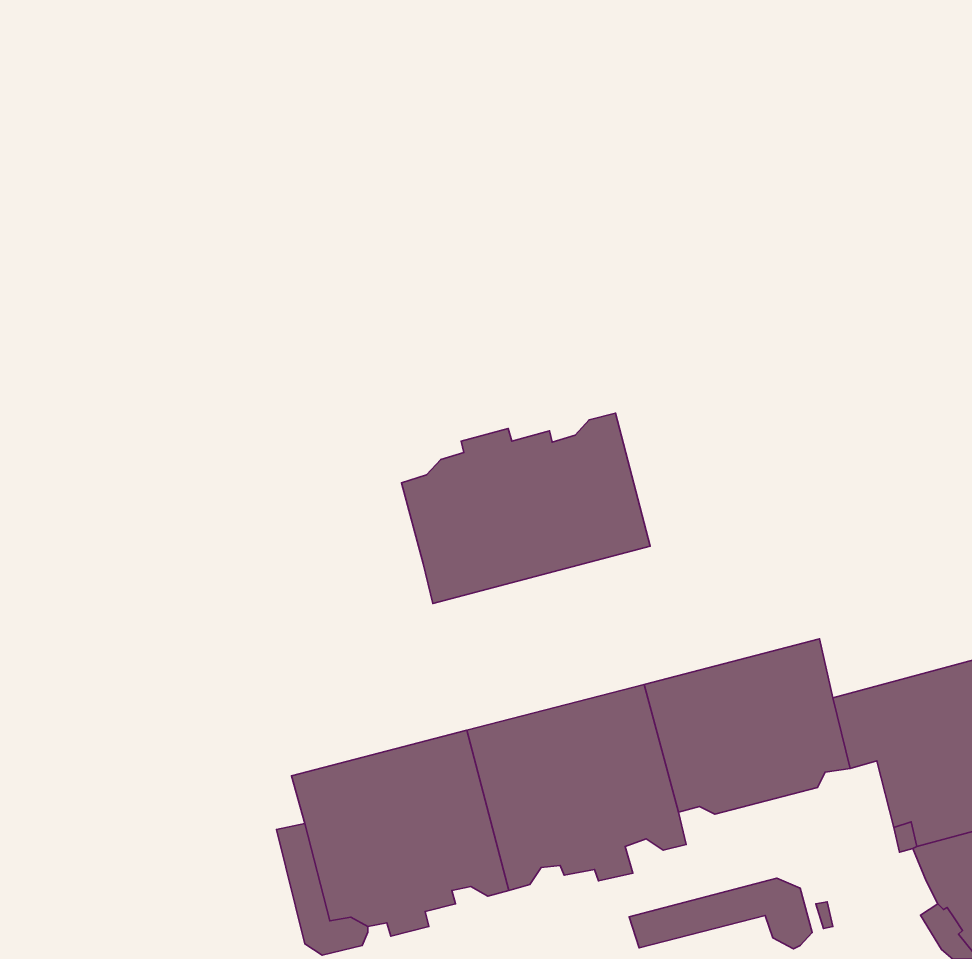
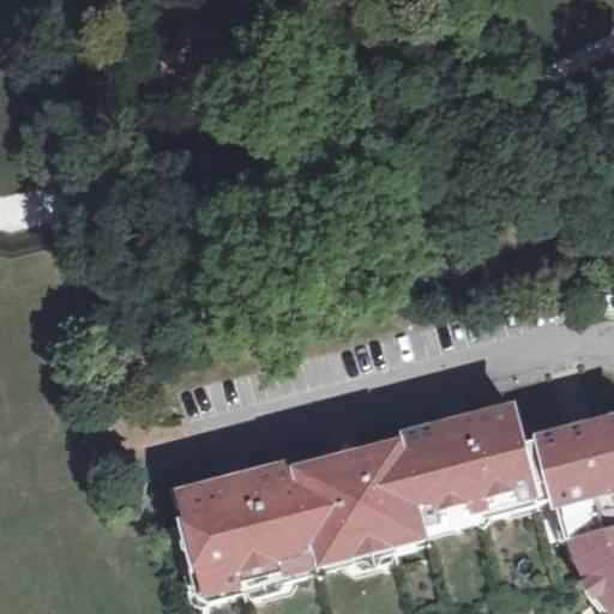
building: [401,413,650,603] -> none
building: [629,878,812,949] -> none

